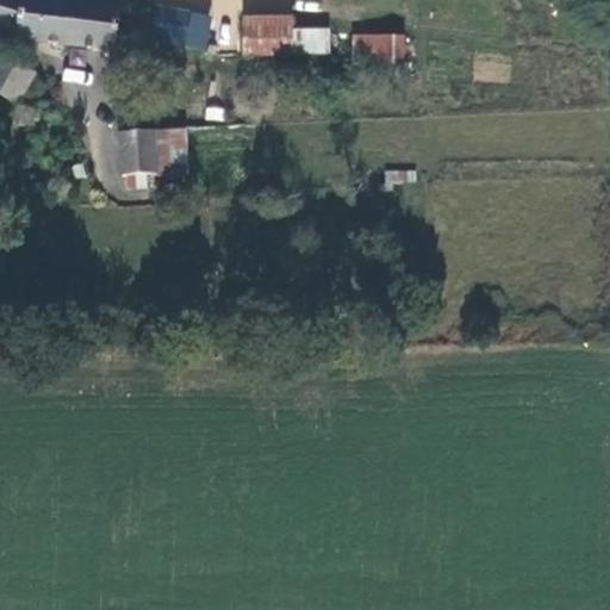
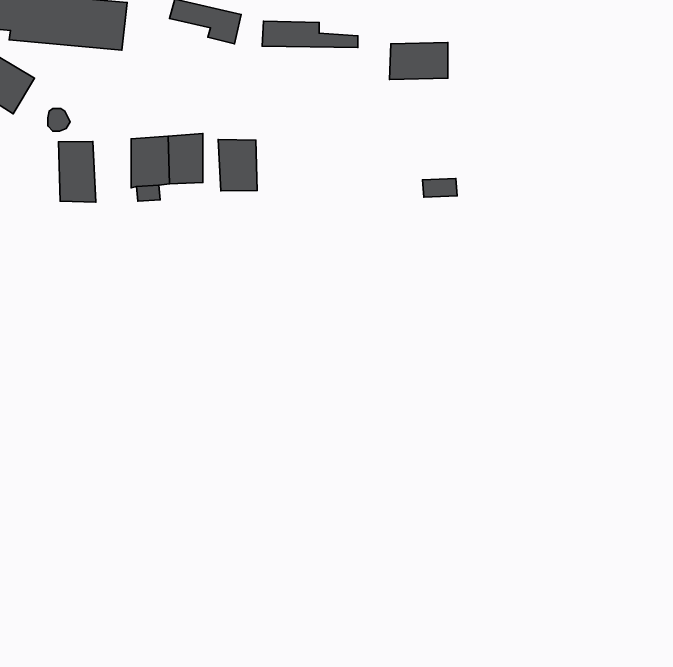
building: none -> [218,140,257,191]
building: none -> [59,141,96,202]

